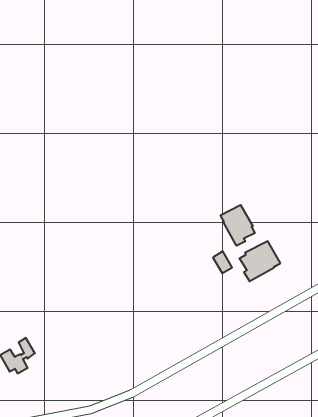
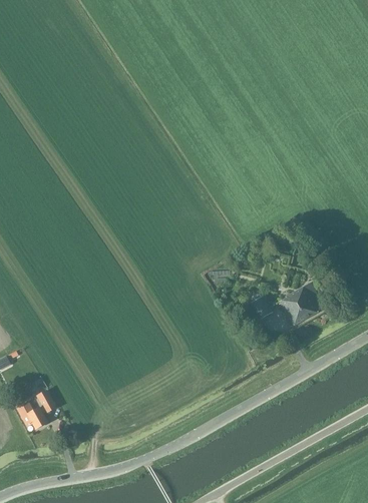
building: [221,205,255,246] -> none

